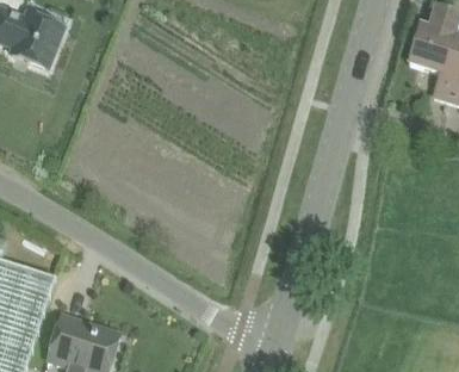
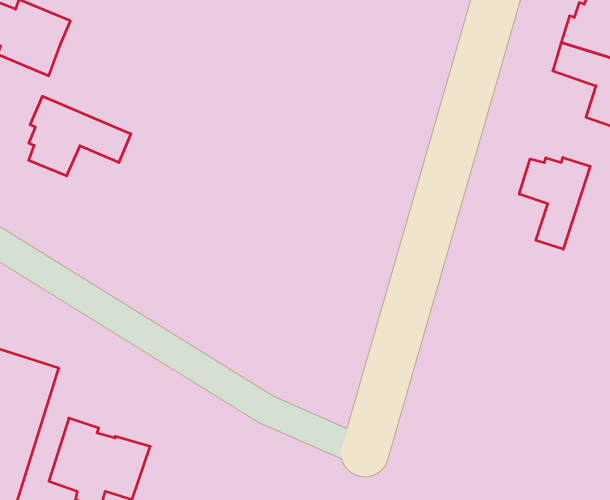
building: none -> [29,96,131,176]
building: none -> [519,157,590,249]

